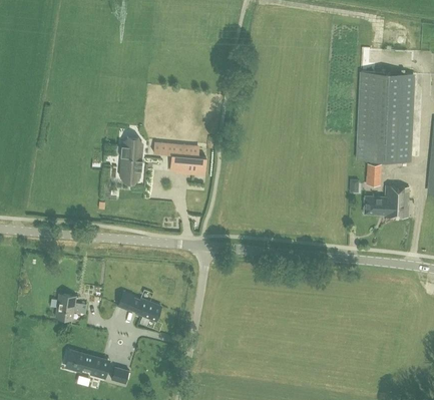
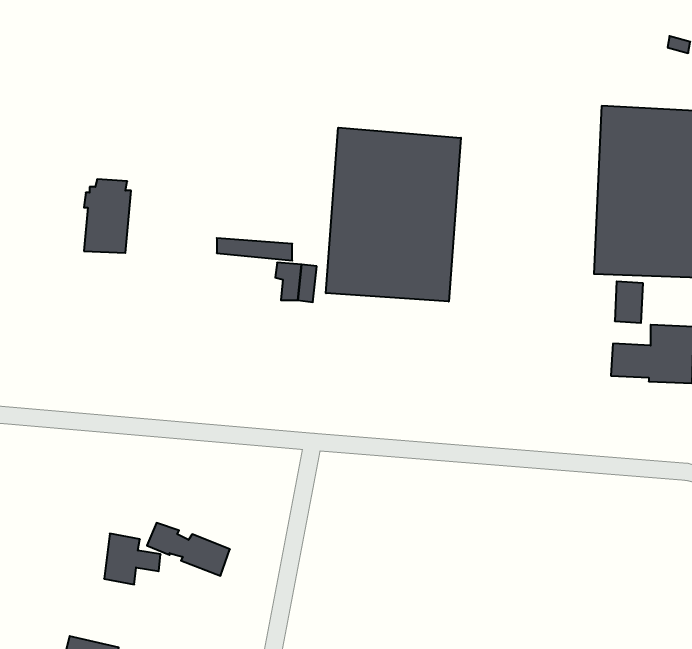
building: none -> [326,128,461,302]
building: [117,138,142,177] -> [84,179,131,253]
building: [55,294,85,321] -> [104,534,161,584]

